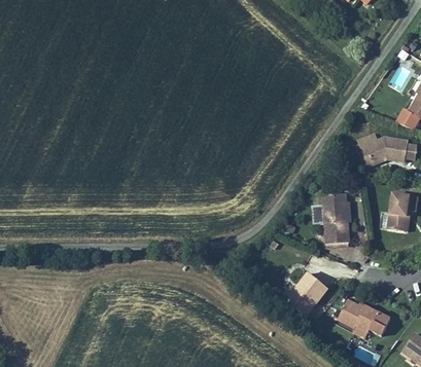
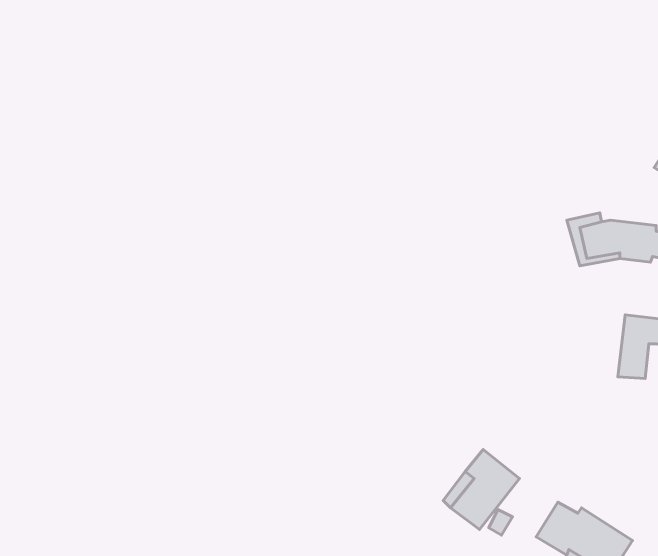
building: [319,193,348,245] -> none

